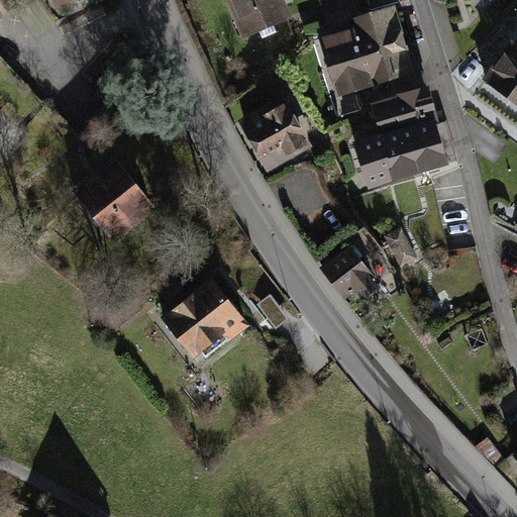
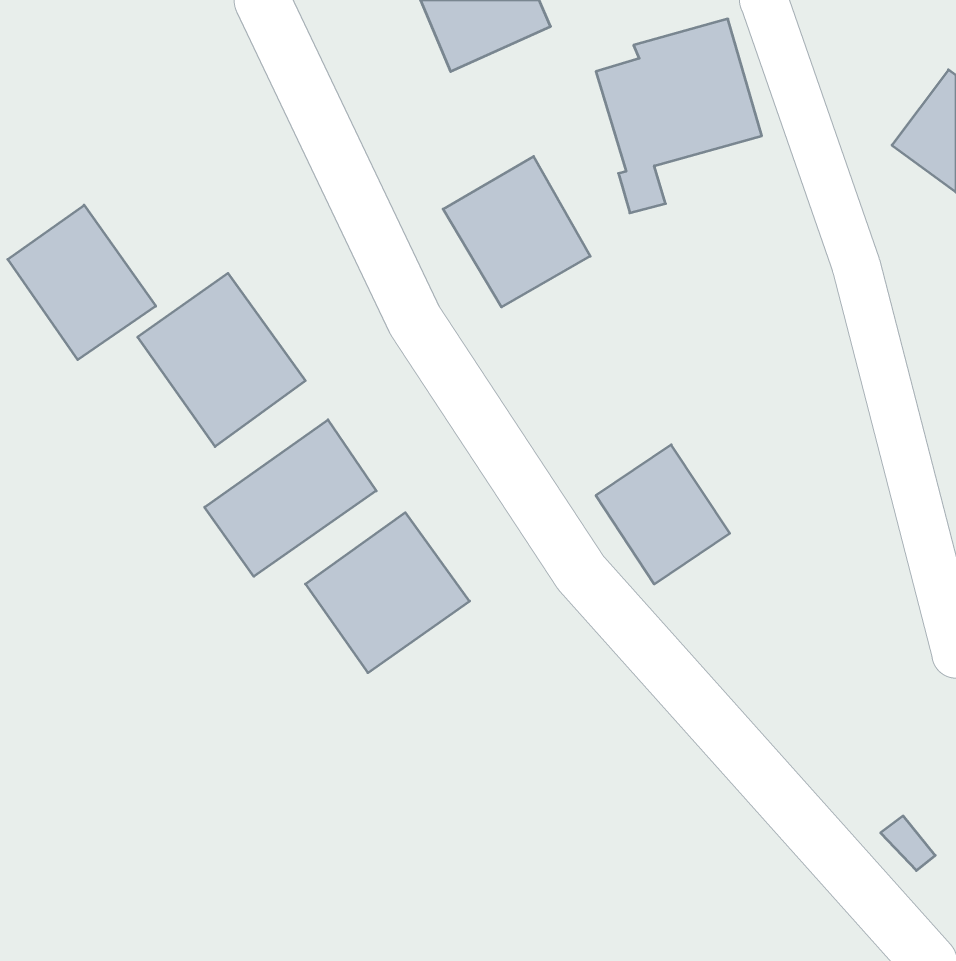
building: [356,91,453,187] -> none
building: none -> [8,205,156,360]
building: none -> [205,420,376,576]

